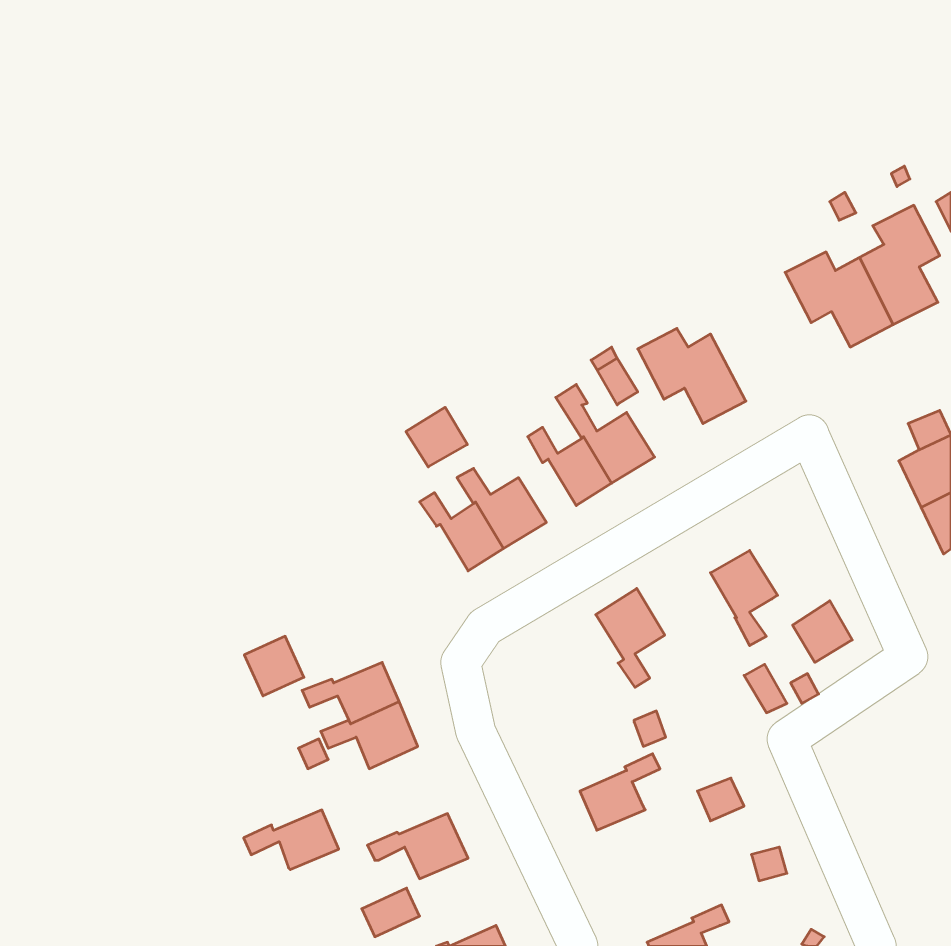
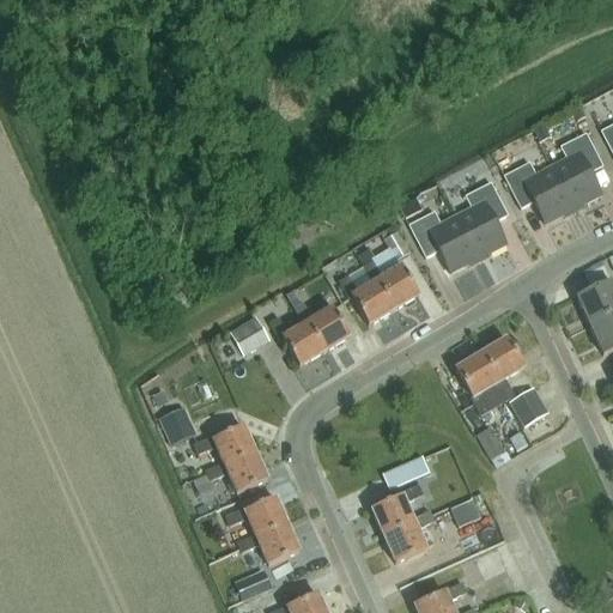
building: none -> [456,181,509,257]
building: [406,407,467,467] -> [229,316,268,354]
building: [596,588,665,687] -> [481,336,526,400]
building: none -> [383,509,436,562]
building: [244,810,339,870] -> [226,497,287,535]

